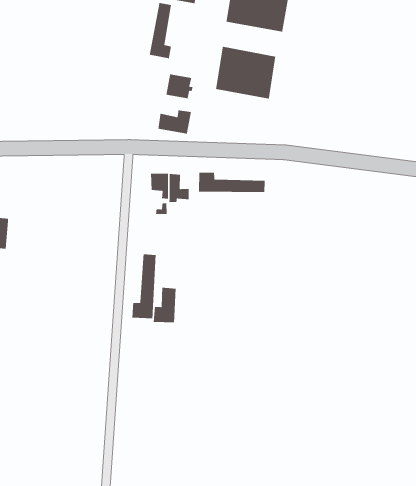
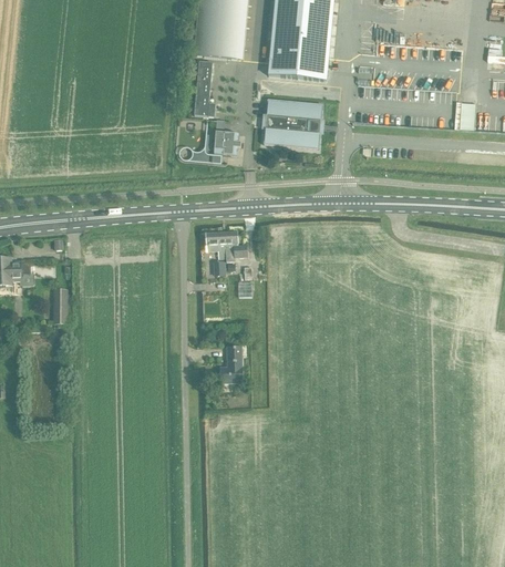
building: [157,109,192,135] -> none
building: [198,172,266,193] -> none
building: [131,254,157,319] -> none

